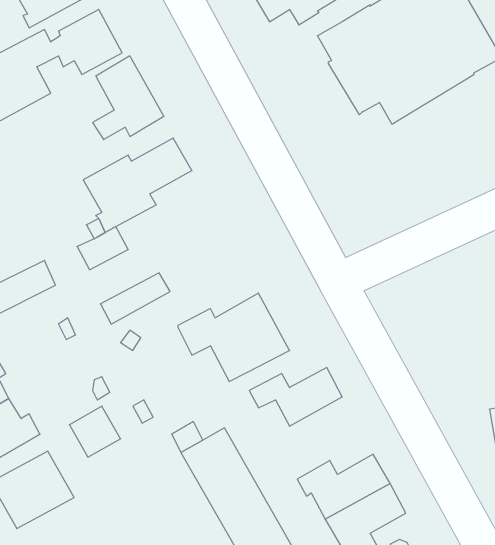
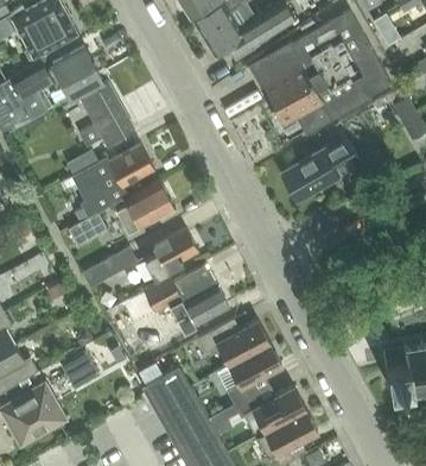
building: none -> [280,127,360,201]
building: none -> [115,181,174,235]
building: none -> [144,228,199,279]
building: none -> [228,344,282,407]

